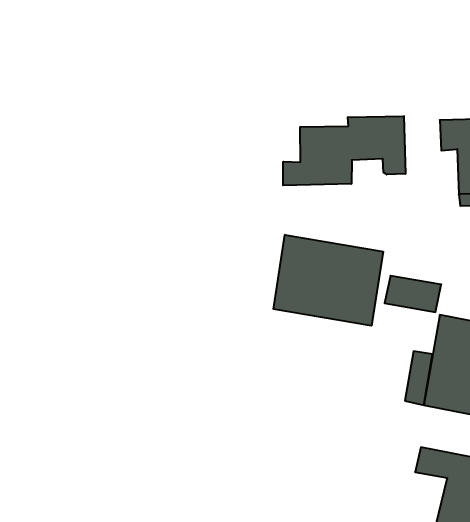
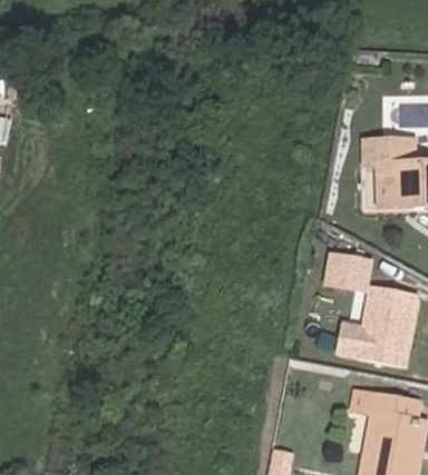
building: [283,116,405,185] -> none
building: [273,235,383,326] -> none

